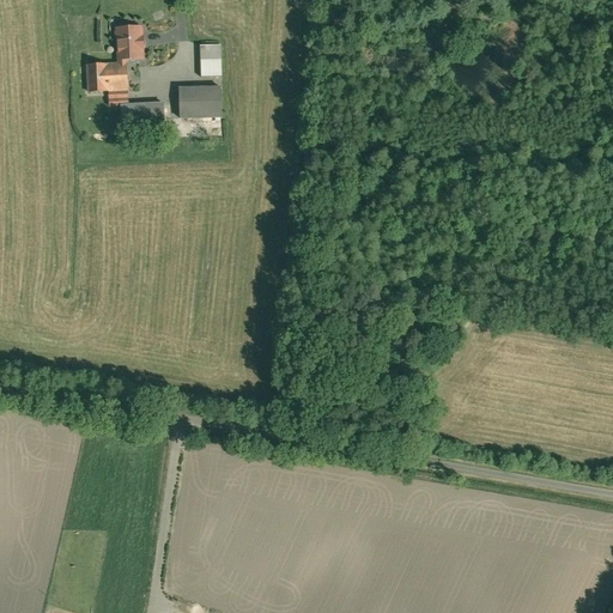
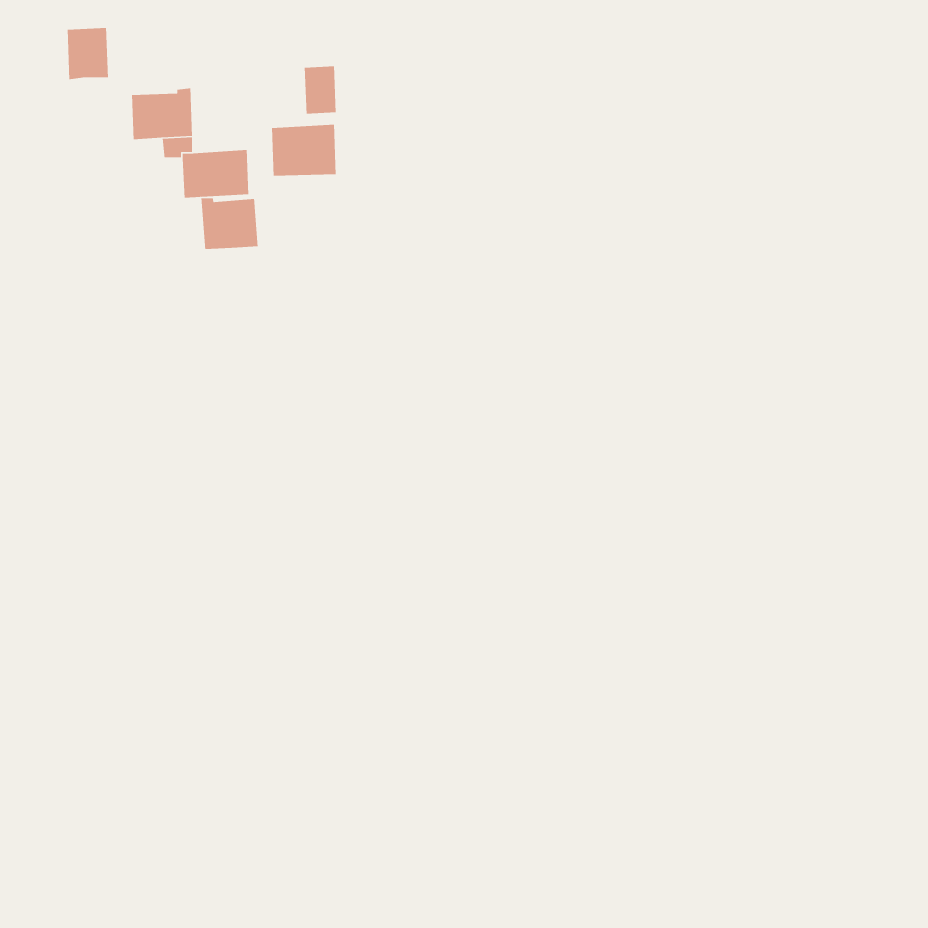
building: [115,24,142,59] -> [67,27,109,80]
building: none -> [200,197,258,250]

